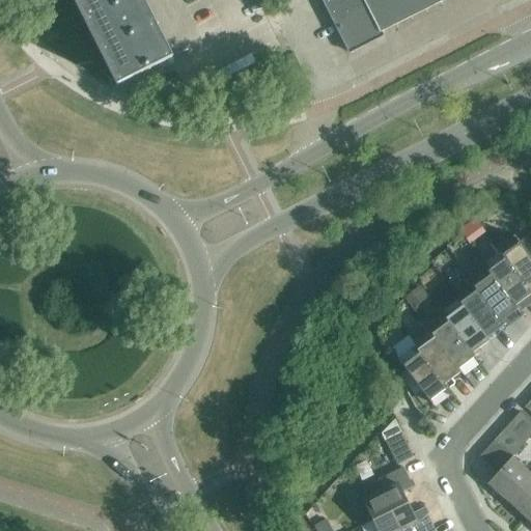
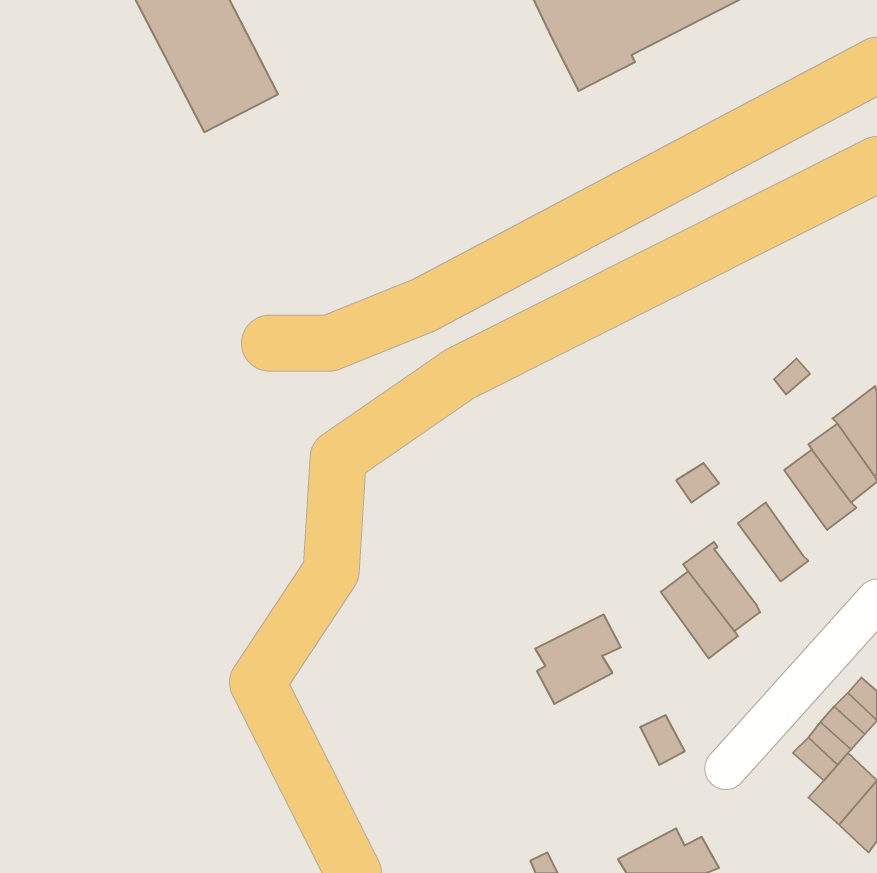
building: [459,287,503,336] -> none
building: [431,319,474,366] -> none
building: [362,466,414,520] -> [535,615,621,704]

